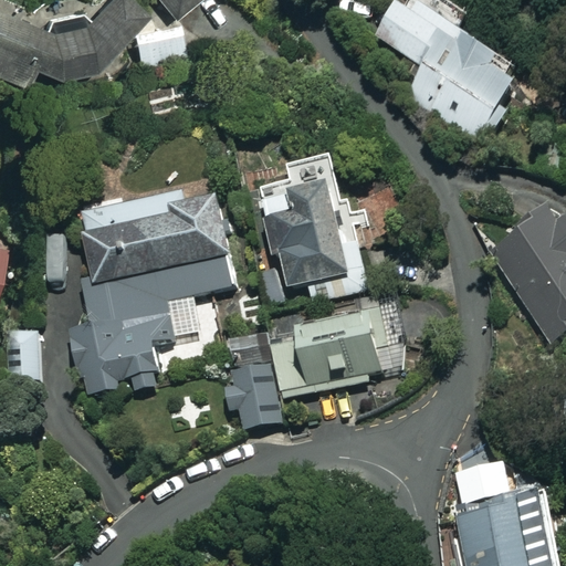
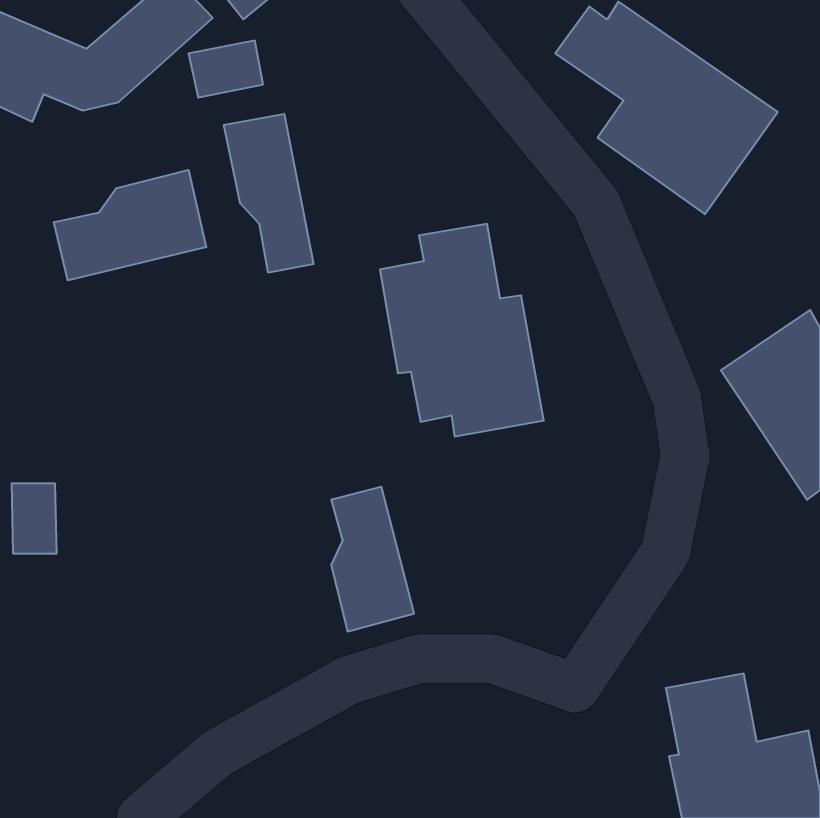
building: none -> [224,114,314,273]
building: none -> [54,170,206,280]
building: [71,186,234,402] -> none
building: [273,294,408,392] -> none

